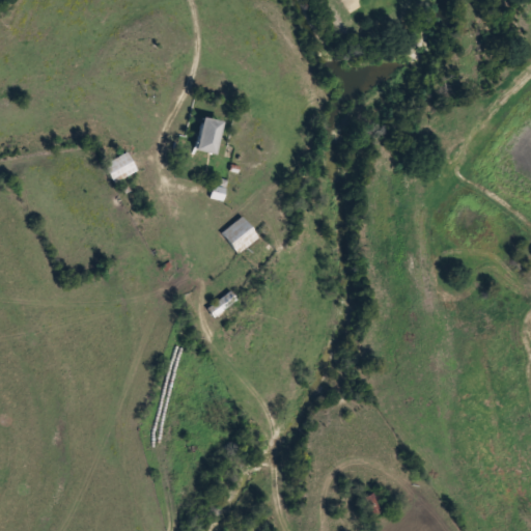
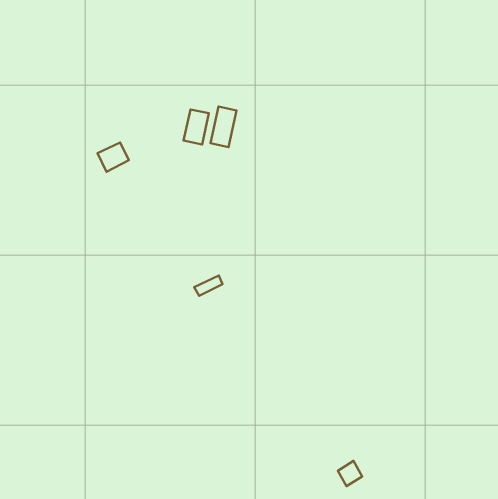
building: none -> [210,106,237,147]
building: [221,215,259,253] -> none

